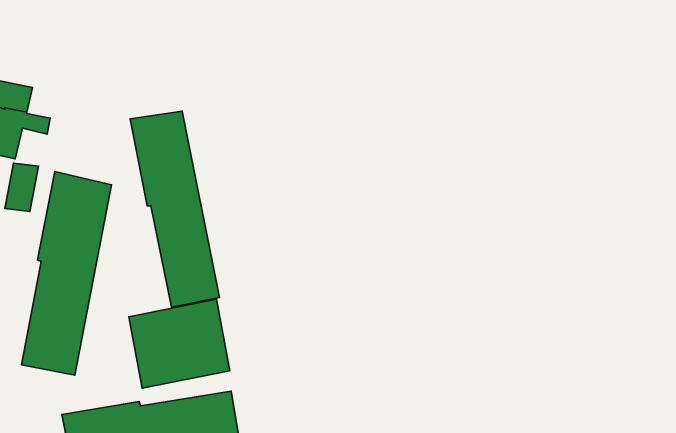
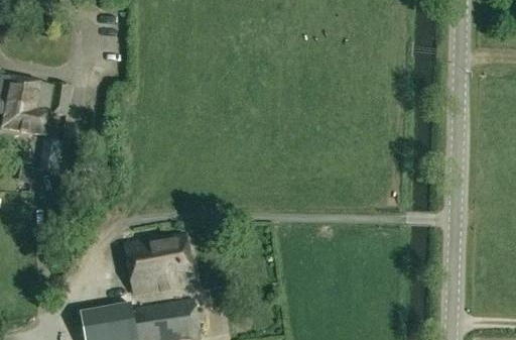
building: [130,111,219,307] -> none
building: [22,171,112,375] -> none

